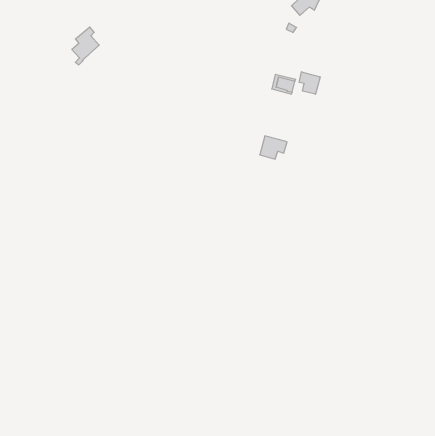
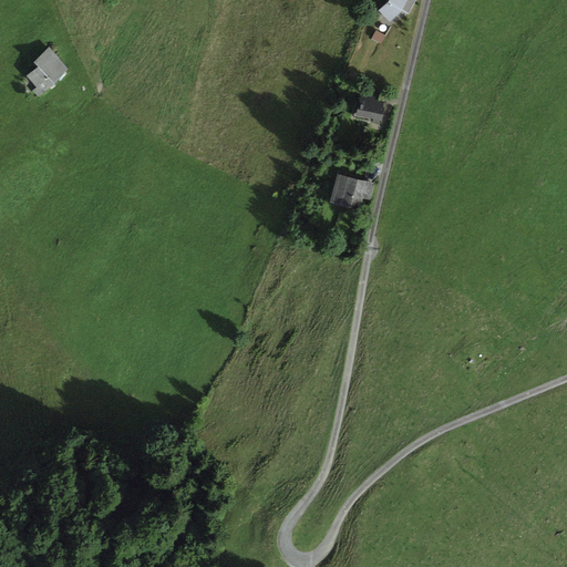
building: [72,27,99,65] -> [30,47,65,95]
building: [299,72,320,94] -> none

